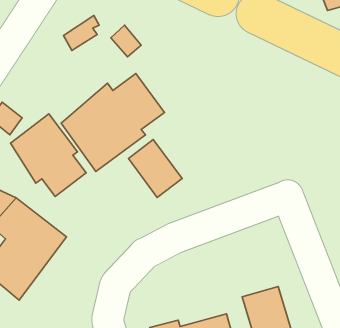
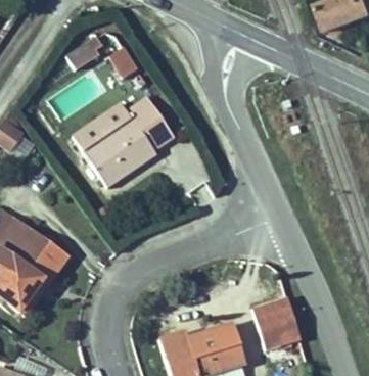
building: [11,114,86,196] -> none
building: [128,140,182,197] -> none

